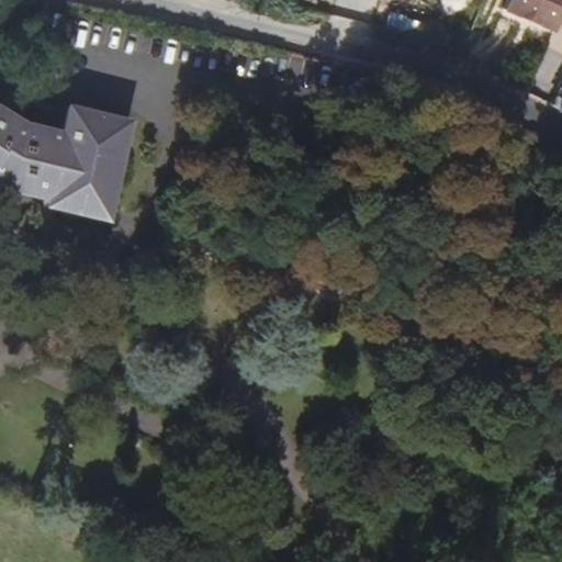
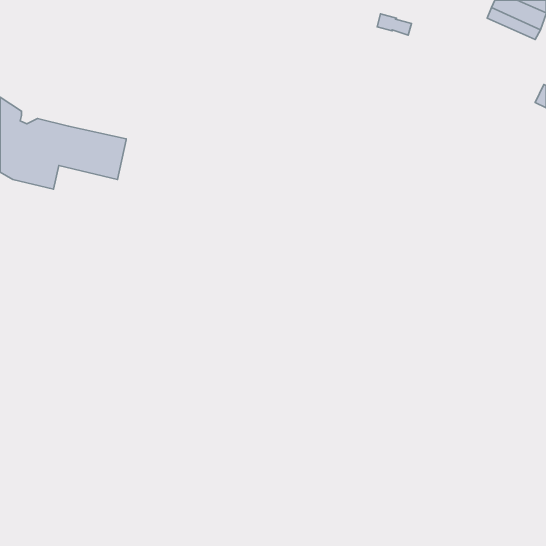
building: [70,105,135,143] -> none
building: [53,170,121,216] -> none

